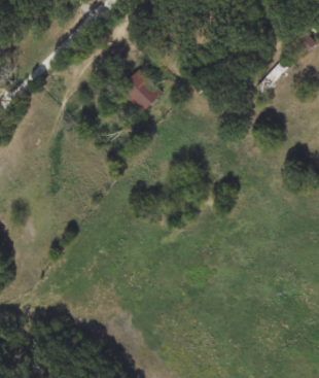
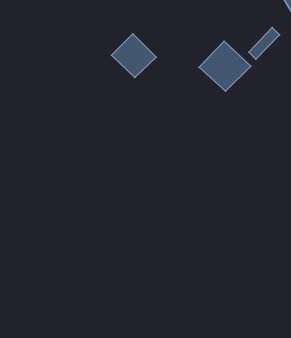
building: none -> [199,41,251,91]

